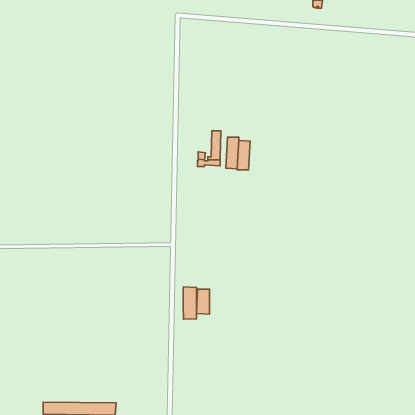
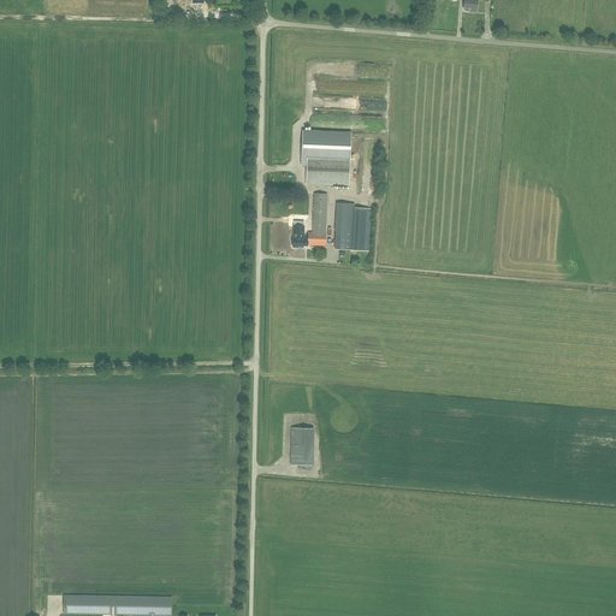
building: none -> [301,130,351,186]
building: [183,287,197,319] -> none

